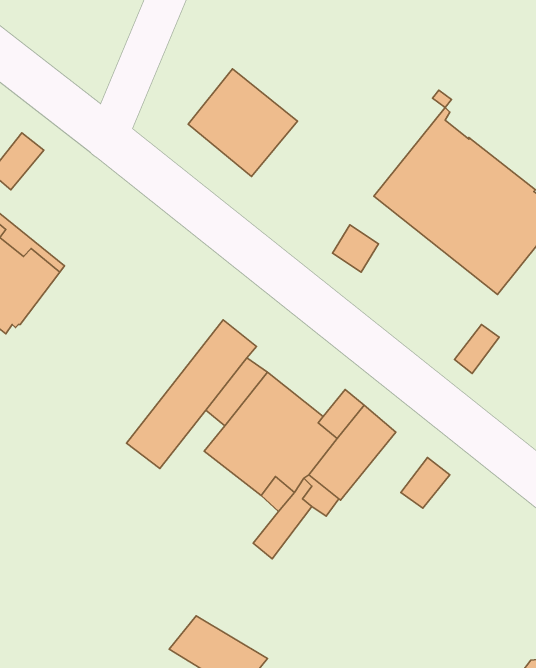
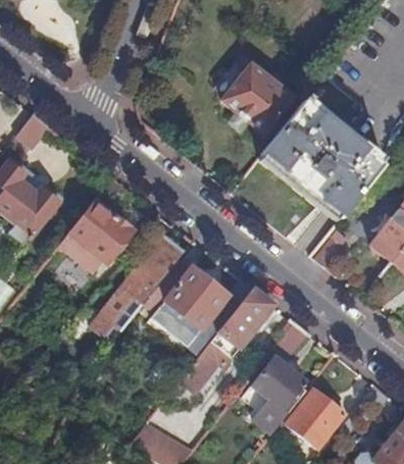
building: [188,69,298,177] -> [221,63,292,133]
building: none -> [60,200,132,270]
building: none -> [254,357,307,433]
building: none -> [288,389,346,447]

